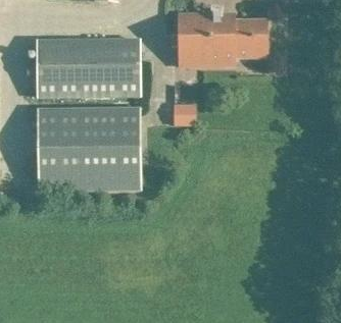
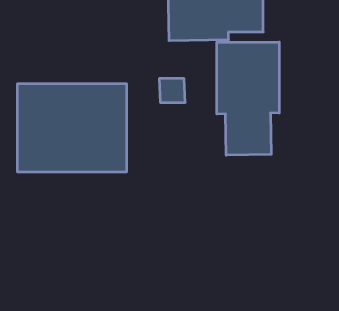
building: [34,45,138,101] -> none
building: none -> [217,42,279,155]

